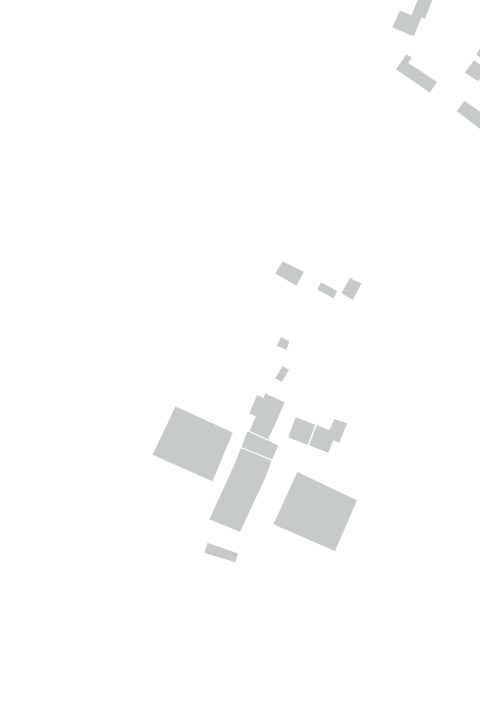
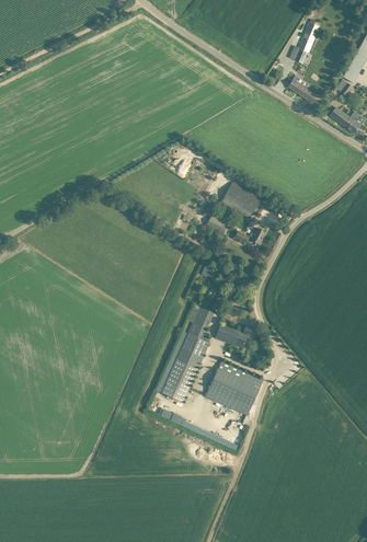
building: none -> [220,183,263,218]
building: [152,406,234,482] -> none

